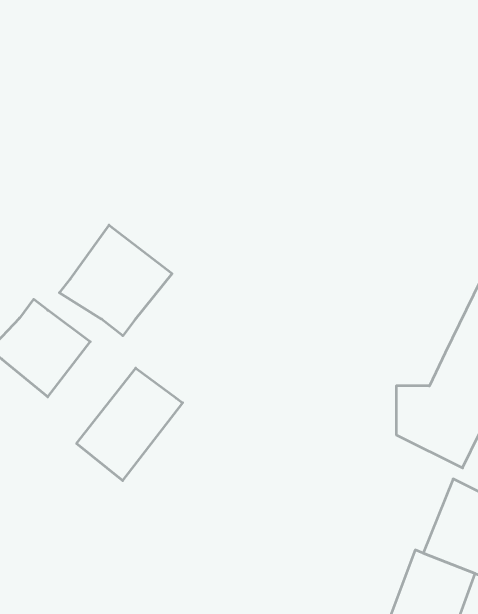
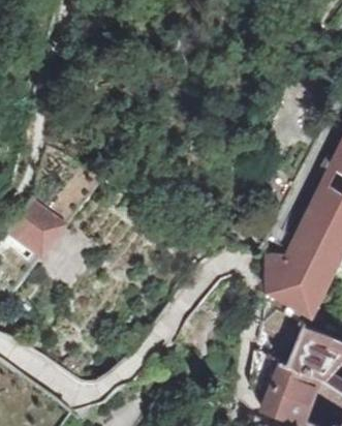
building: [59,225,172,336] -> none
building: [77,368,183,481] -> none

